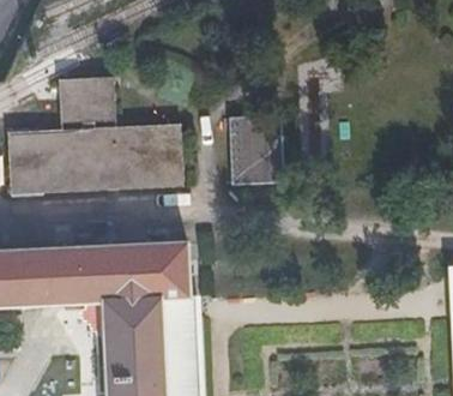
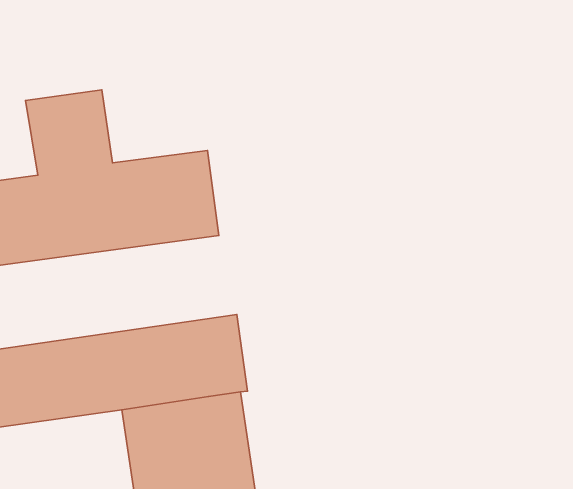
building: [226,116,282,186] -> none

